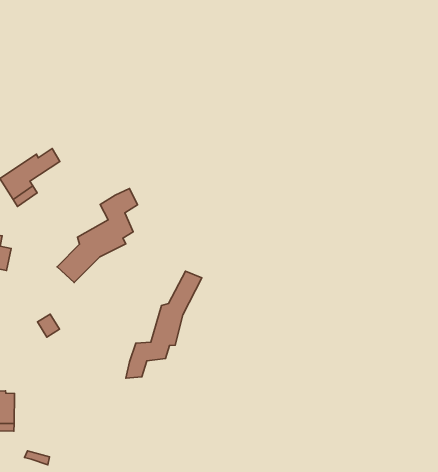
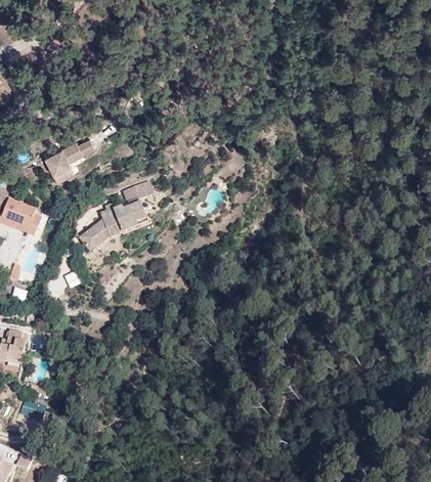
building: [126,271,202,378] -> none

